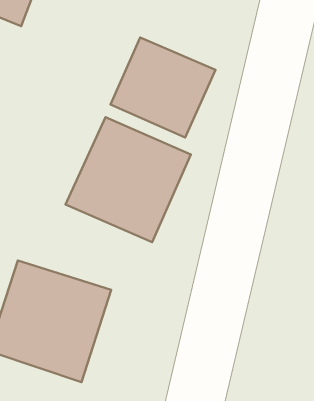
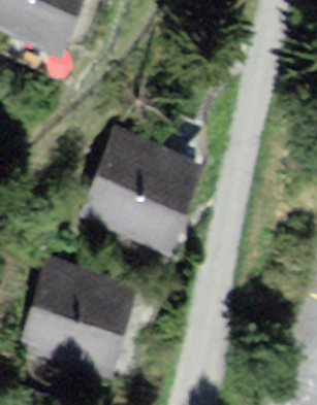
building: [110,38,216,137] -> none

